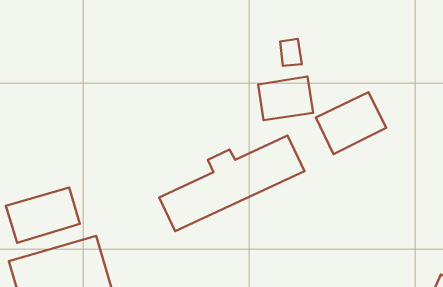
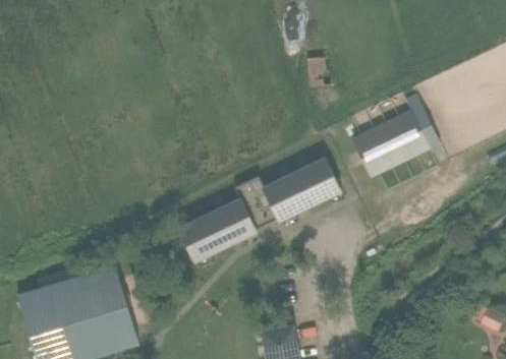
building: [258,76,313,120] -> none
building: [6,187,80,243] -> none

